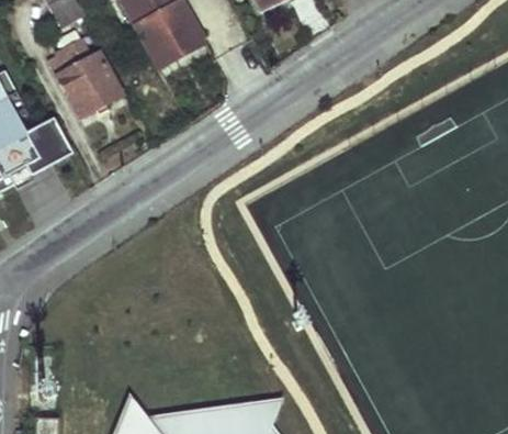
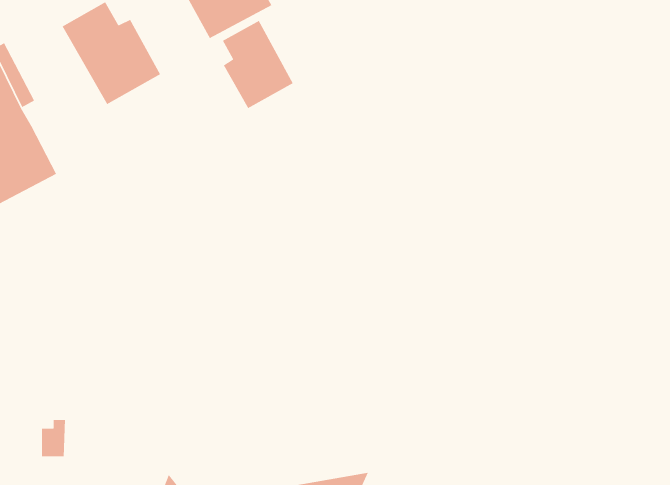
building: none -> [222,20,294,109]
building: [25,118,74,169] -> none

